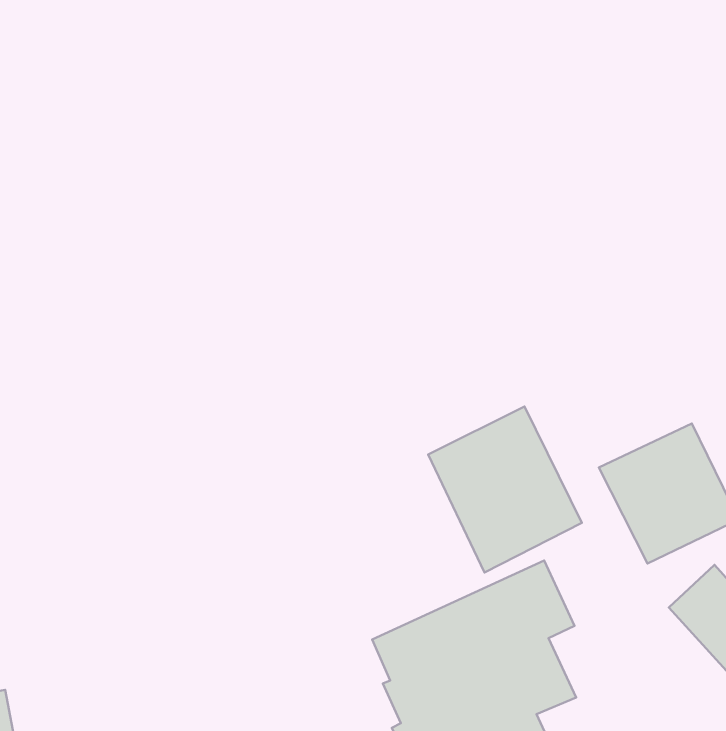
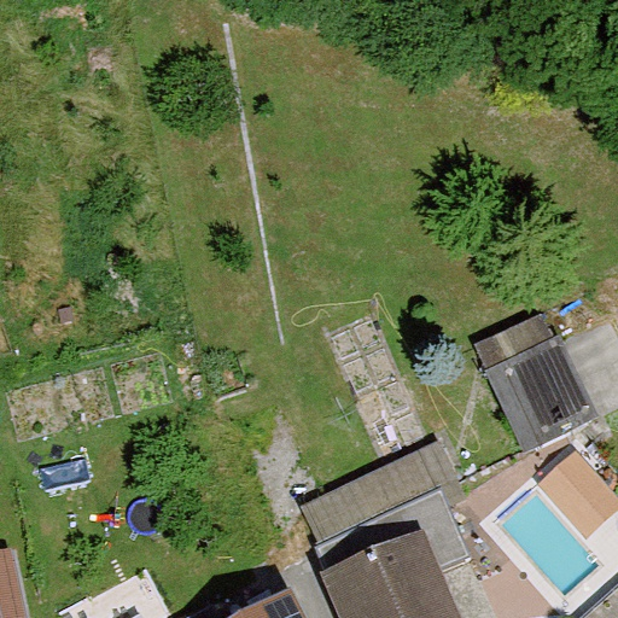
building: [428,406,582,572] -> none

